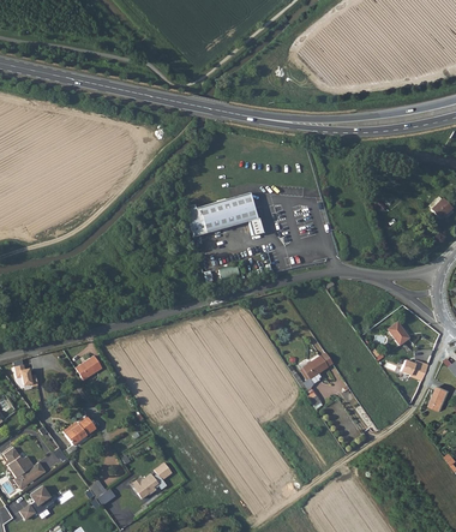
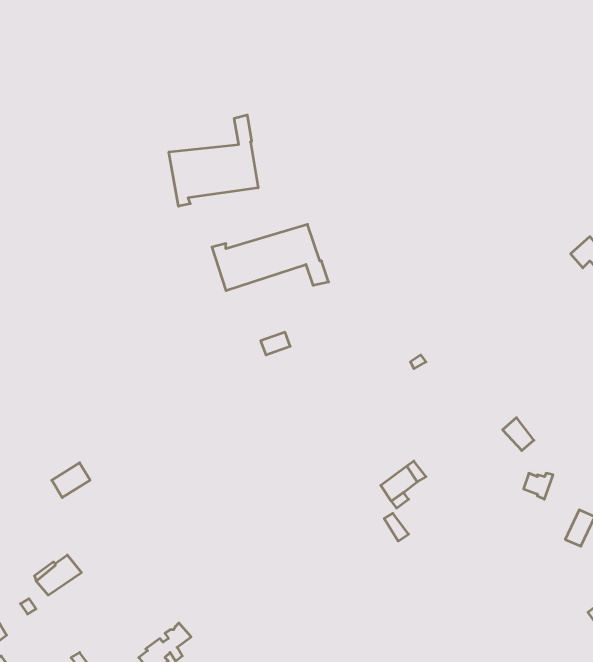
building: none -> [169,115,258,206]

